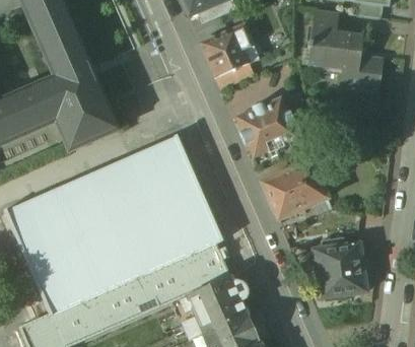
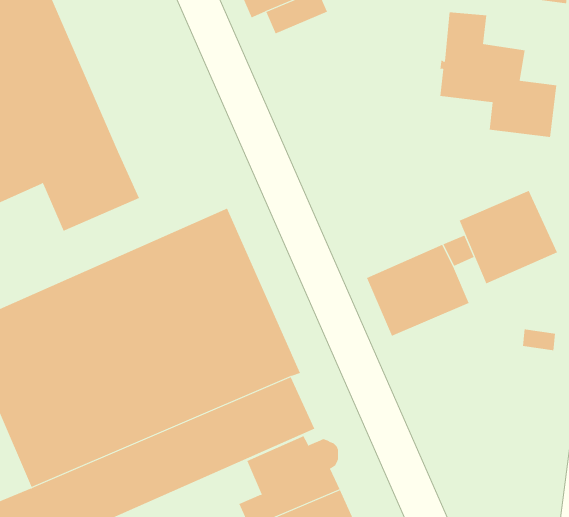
building: [203,23,253,77] -> none
building: [237,96,300,156] -> [459,190,558,284]
building: [316,241,367,299] -> none

